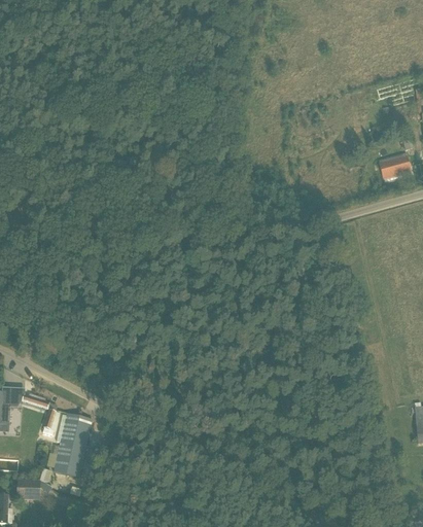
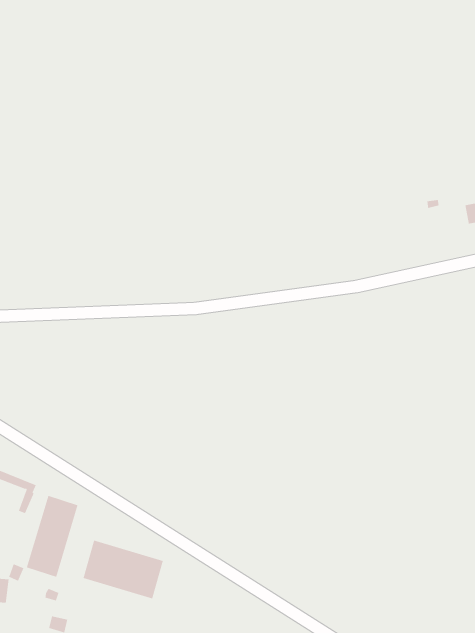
building: none -> [83,539,164,600]

